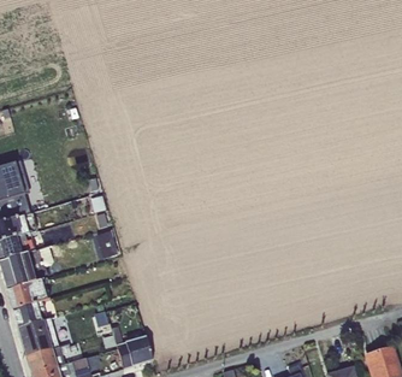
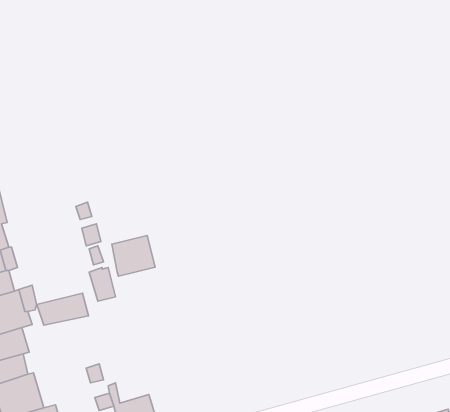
building: none -> [112,236,155,276]
building: none -> [37,293,88,325]

